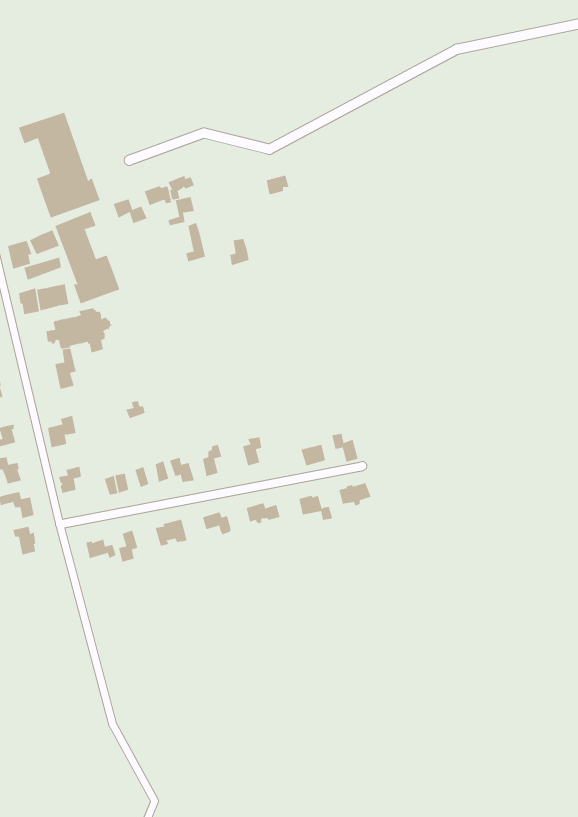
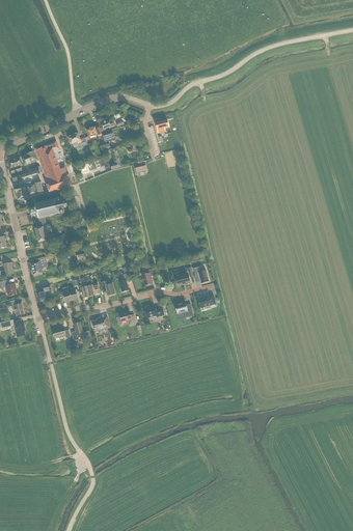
building: [18,112,100,219] -> none

